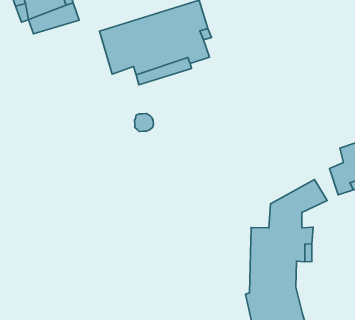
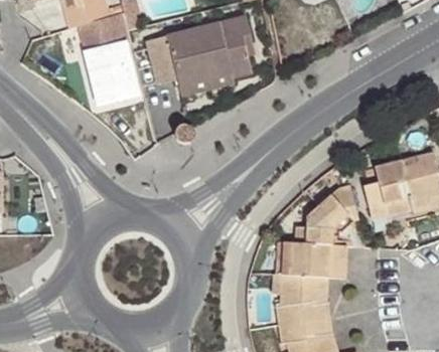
building: none -> [86,40,139,103]

